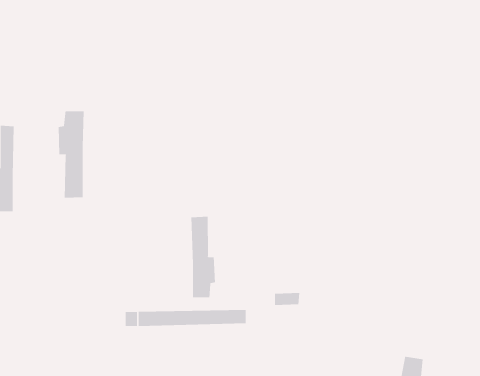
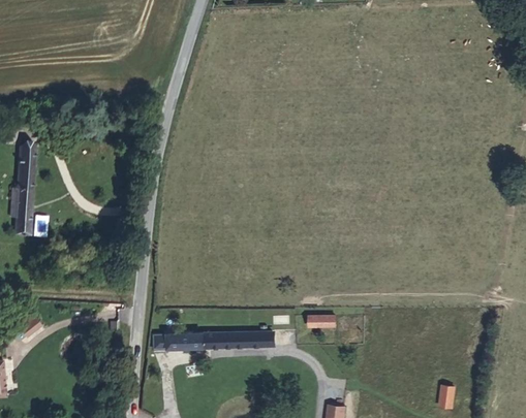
building: [58,110,84,199] -> none
building: [191,216,215,298] -> none

